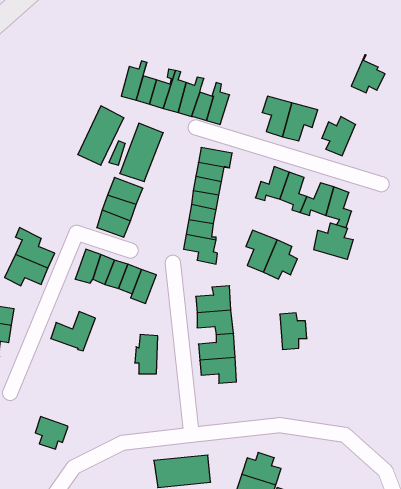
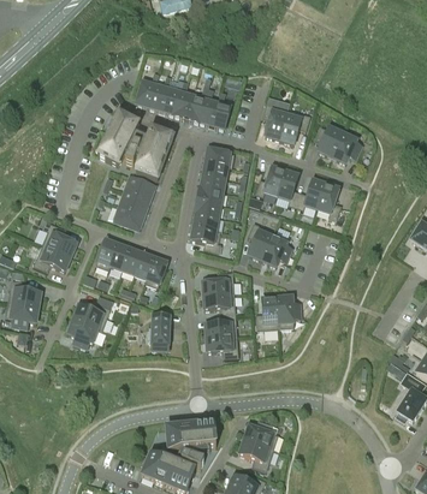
building: [351,55,385,93] -> [332,129,362,162]
building: [314,223,353,259] -> none
building: none -> [255,297,279,329]
building: [35,417,68,449] -> [69,319,97,347]

